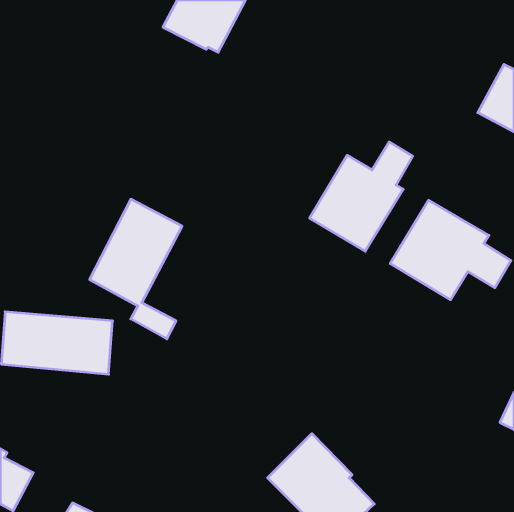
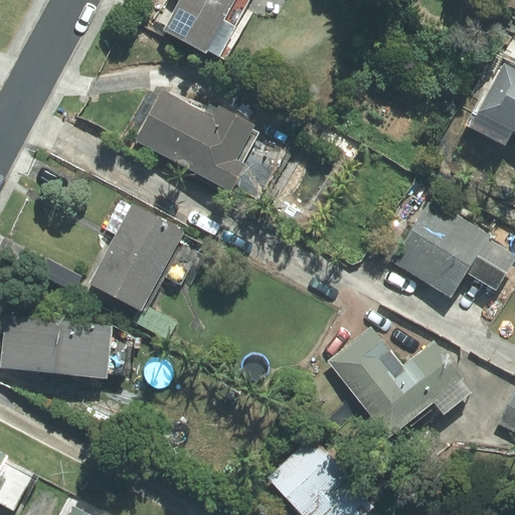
building: none -> [135,90,253,191]
building: [310,142,413,251] -> none
building: none -> [331,328,466,438]

